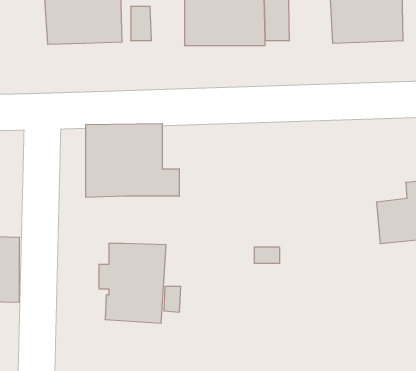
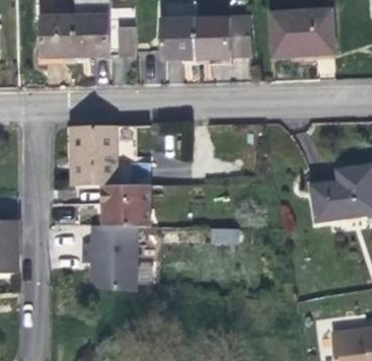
building: none -> [103,185,152,225]

